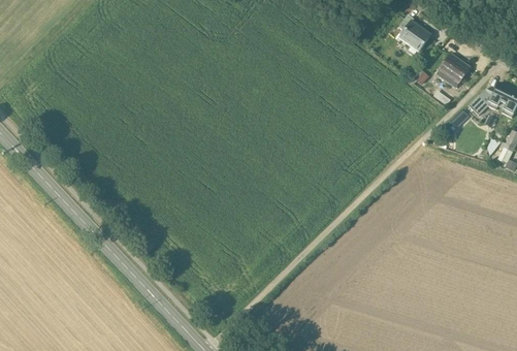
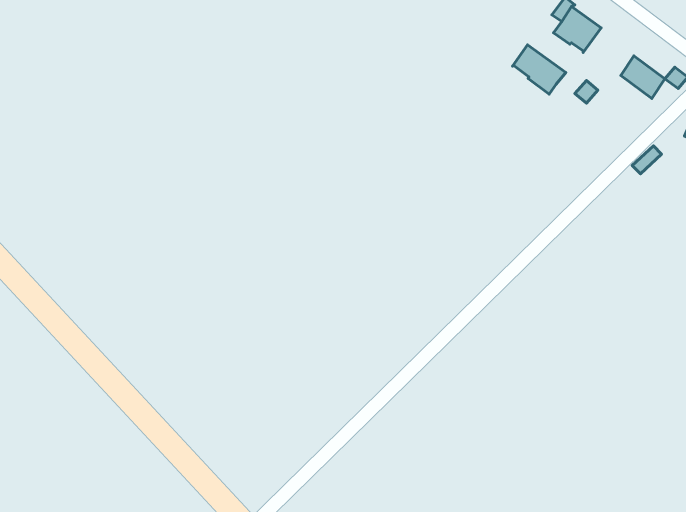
building: none -> [512,45,566,94]

